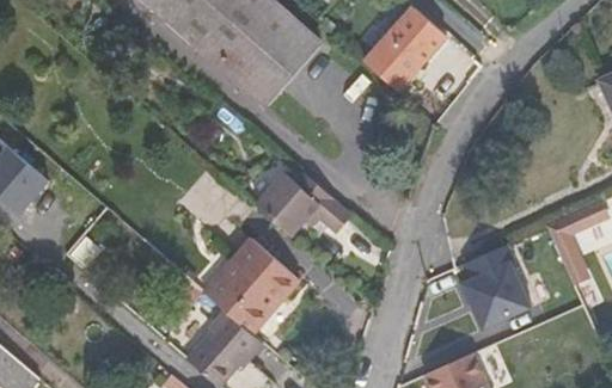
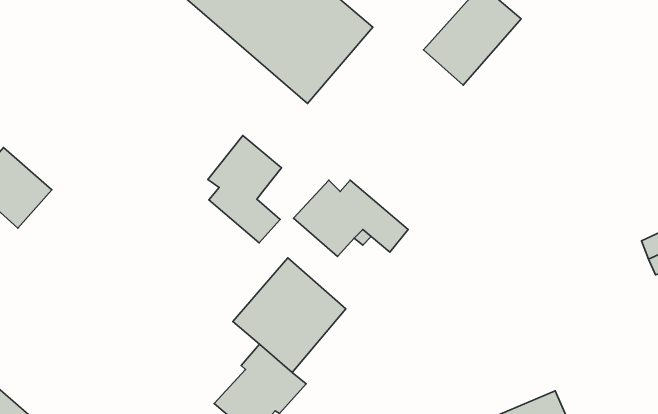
building: none -> [208,136,282,243]
building: [457,241,528,326] -> none

